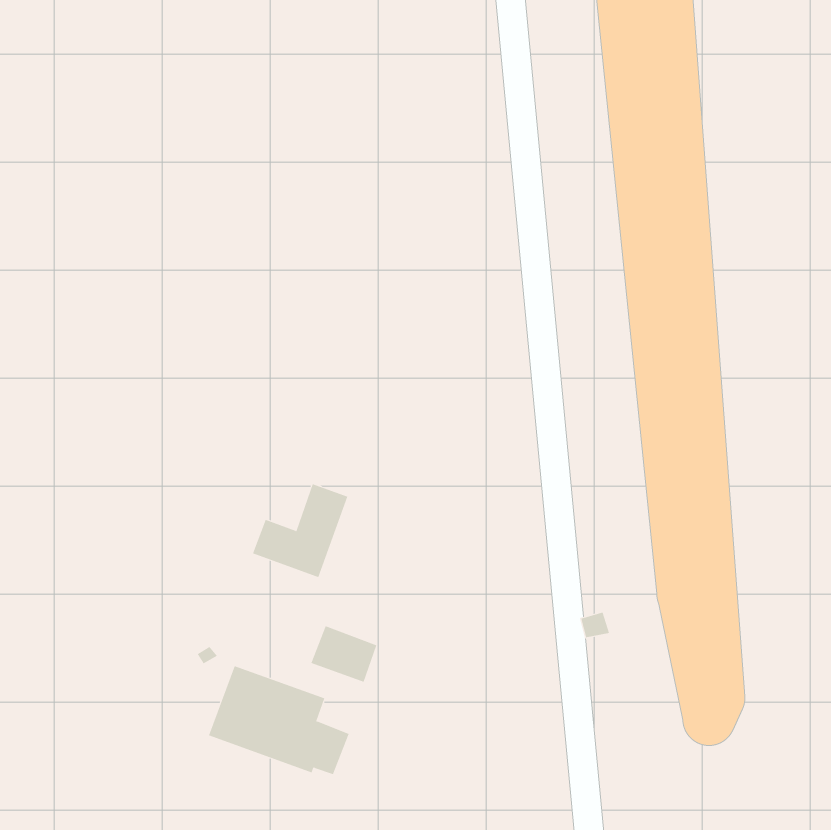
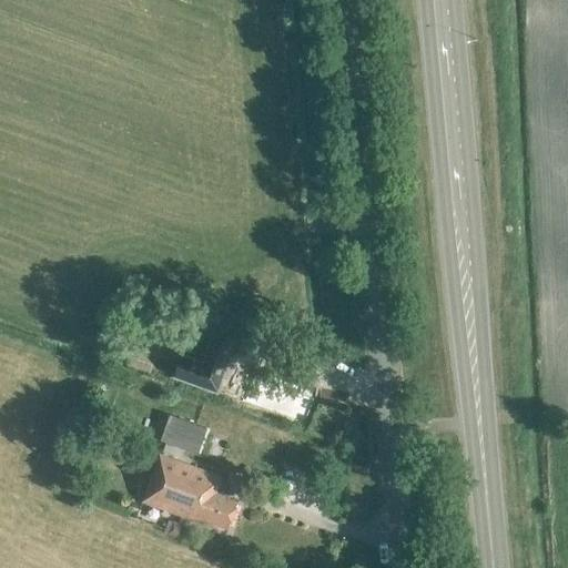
building: [310,626,377,683] -> [160,414,205,453]

